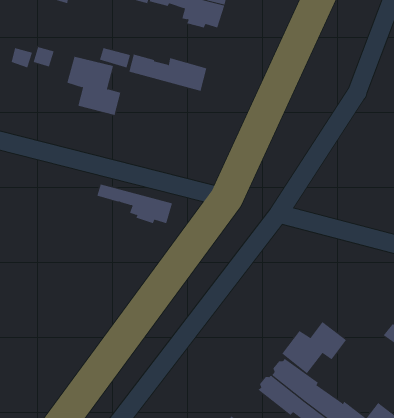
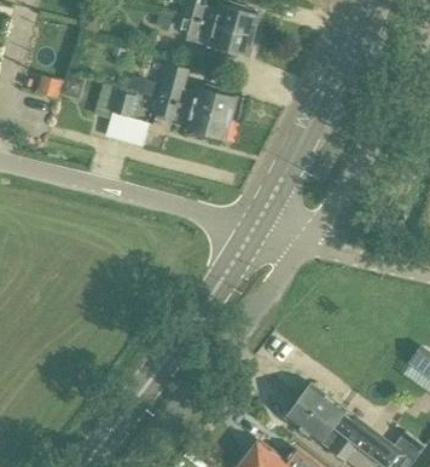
building: [97,184,173,224] -> [152,100,228,140]
building: [282,321,347,374] -> none

